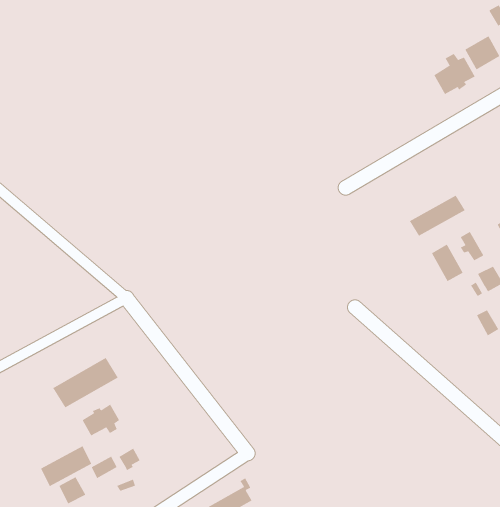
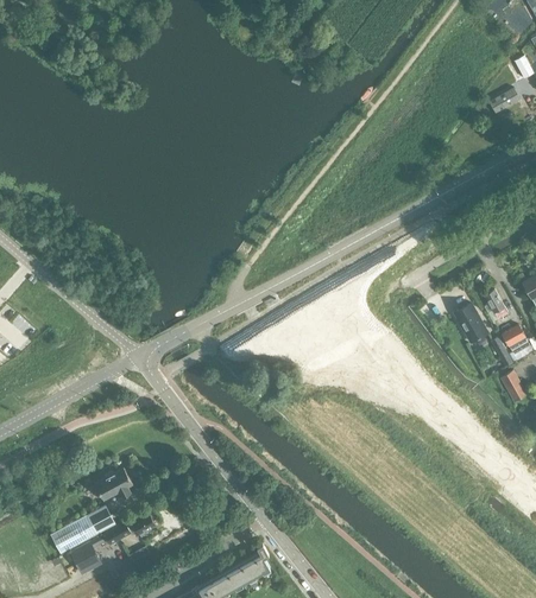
building: [433,53,475,95] -> none
building: [409,195,465,237] -> none
building: [52,357,118,408] -> none

